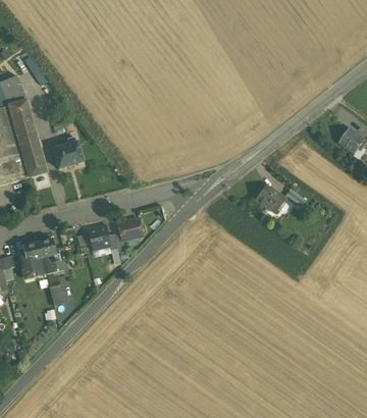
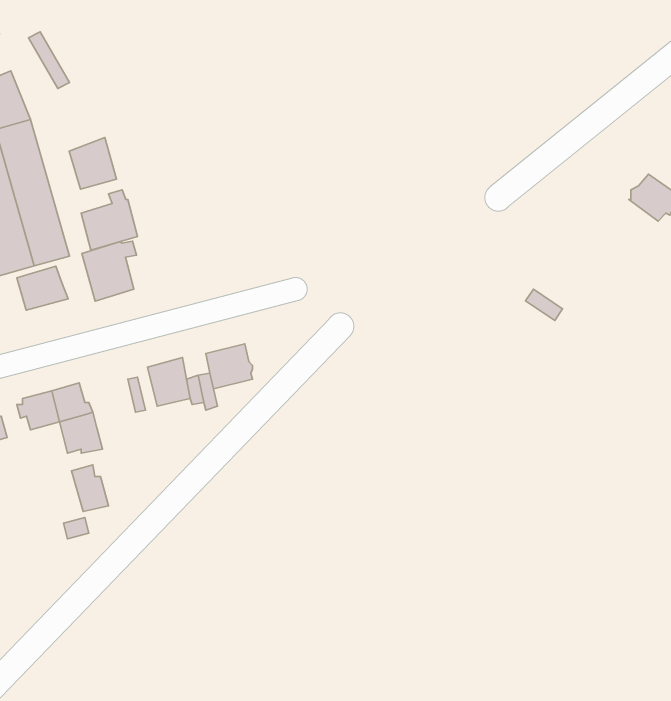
building: none -> [69,138,117,189]
building: none -> [82,241,137,301]
building: none -> [17,266,68,310]
building: [256,185,285,212] -> none
building: [21,255,46,279] -> none

